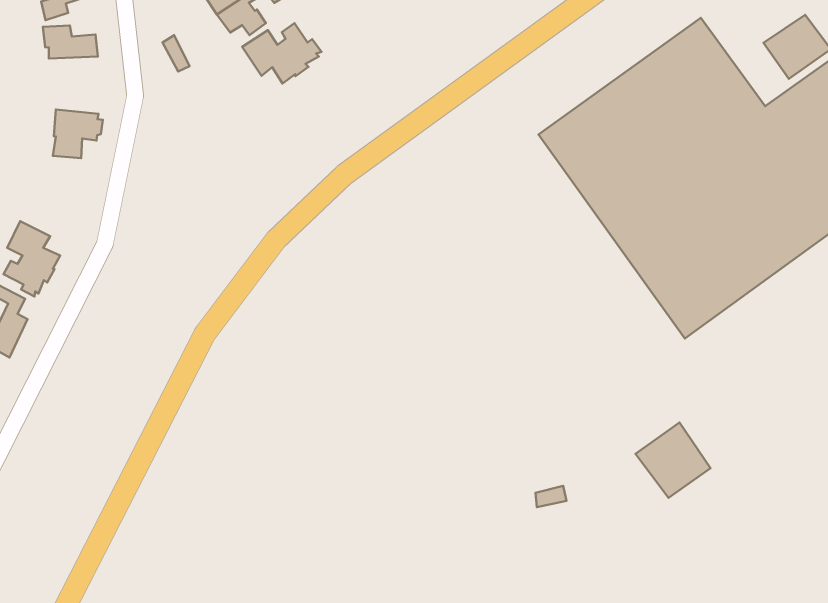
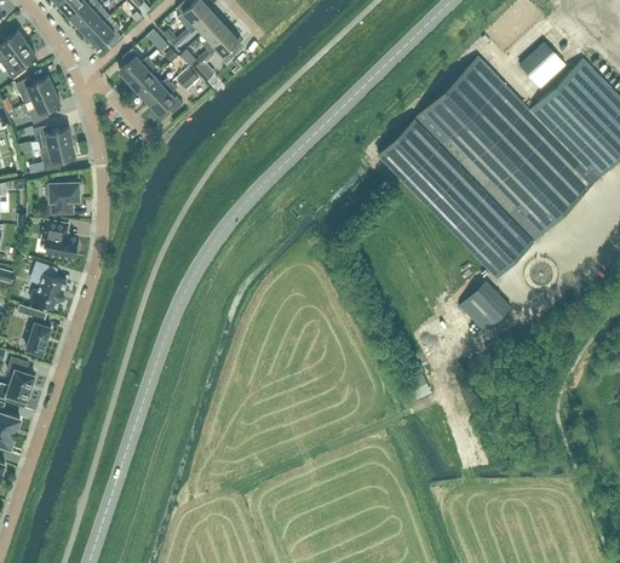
building: [242,23,321,83] -> none
building: none -> [40,143,75,171]
building: none -> [41,220,80,259]
building: [635,422,711,498] -> [458,280,510,332]

